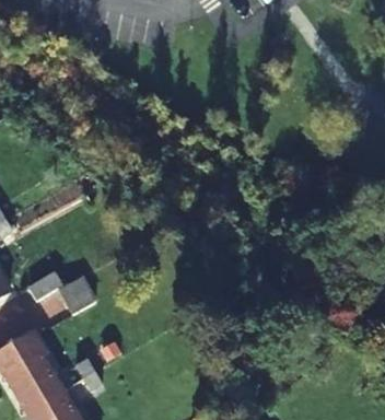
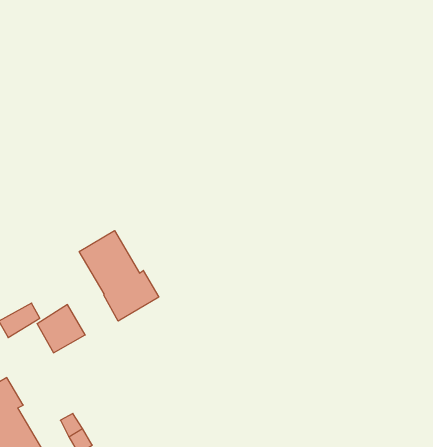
building: none -> [79,231,159,321]

